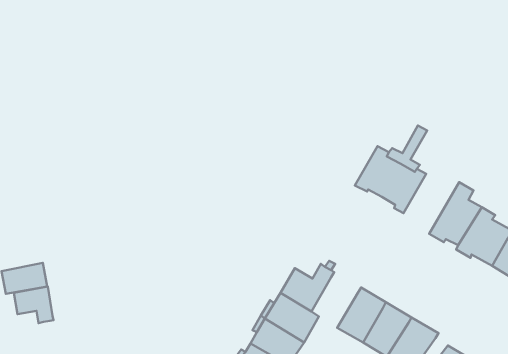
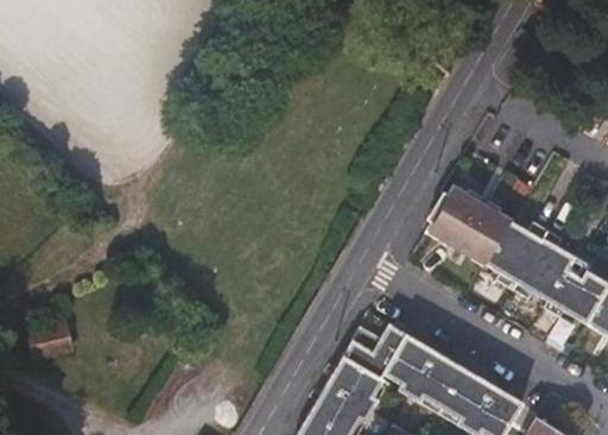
building: none -> [486,221,550,290]
building: none -> [380,334,437,398]
building: [14,287,53,323] -> none

